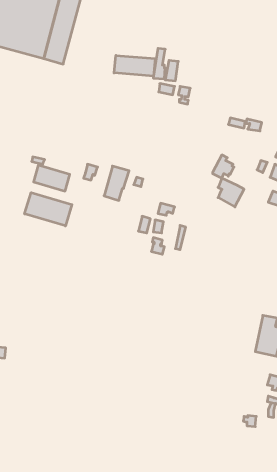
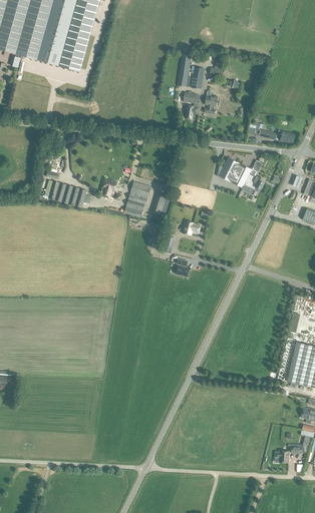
building: [114,55,155,76] -> none
building: [218,178,244,207] -> [223,156,251,187]
building: [25,193,72,226] -> none

